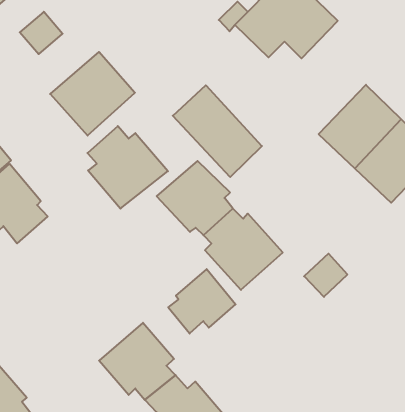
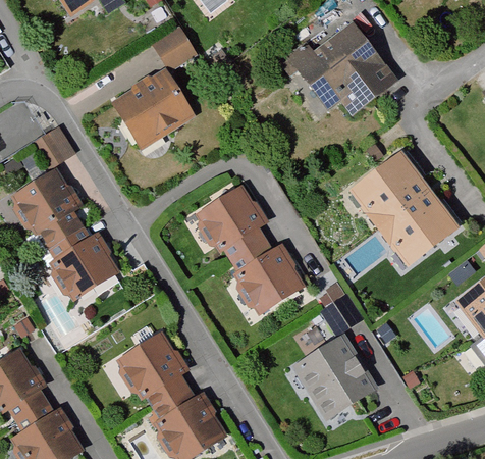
building: [20,12,63,54] -> [152,29,192,67]
building: [173,85,262,177] -> none
building: [87,126,168,209] -> [54,217,128,295]
building: [168,269,236,334] -> none
building: none -> [293,339,375,420]

